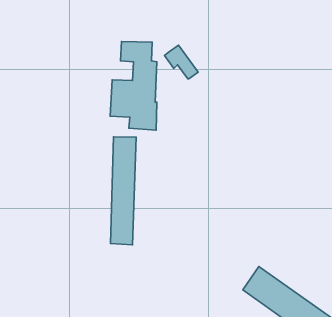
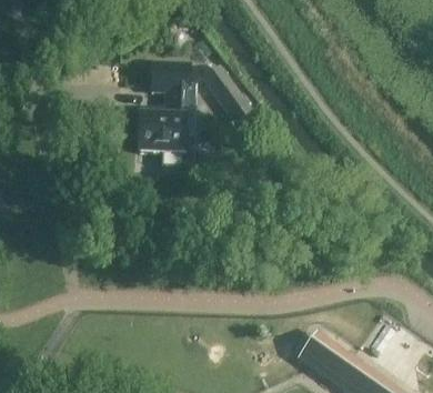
building: [110,137,136,245] -> none

